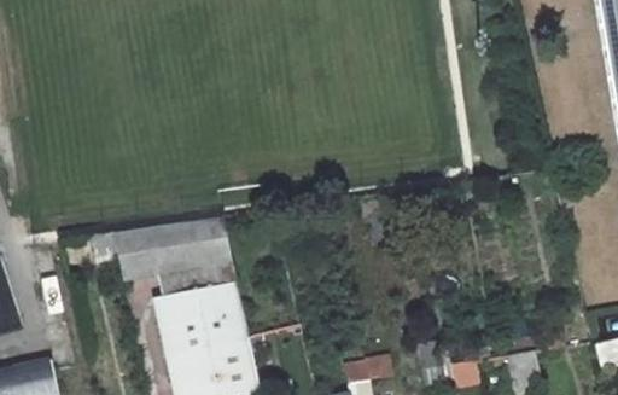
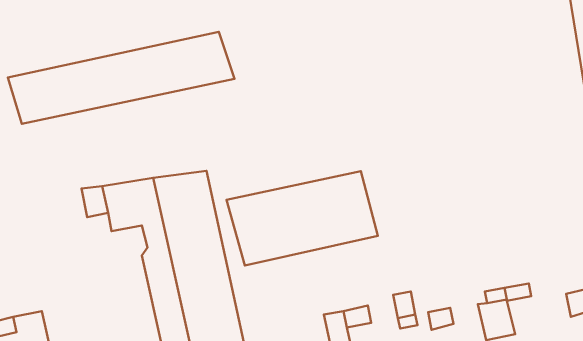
building: none -> [8,32,235,124]
building: none -> [227,171,378,266]

